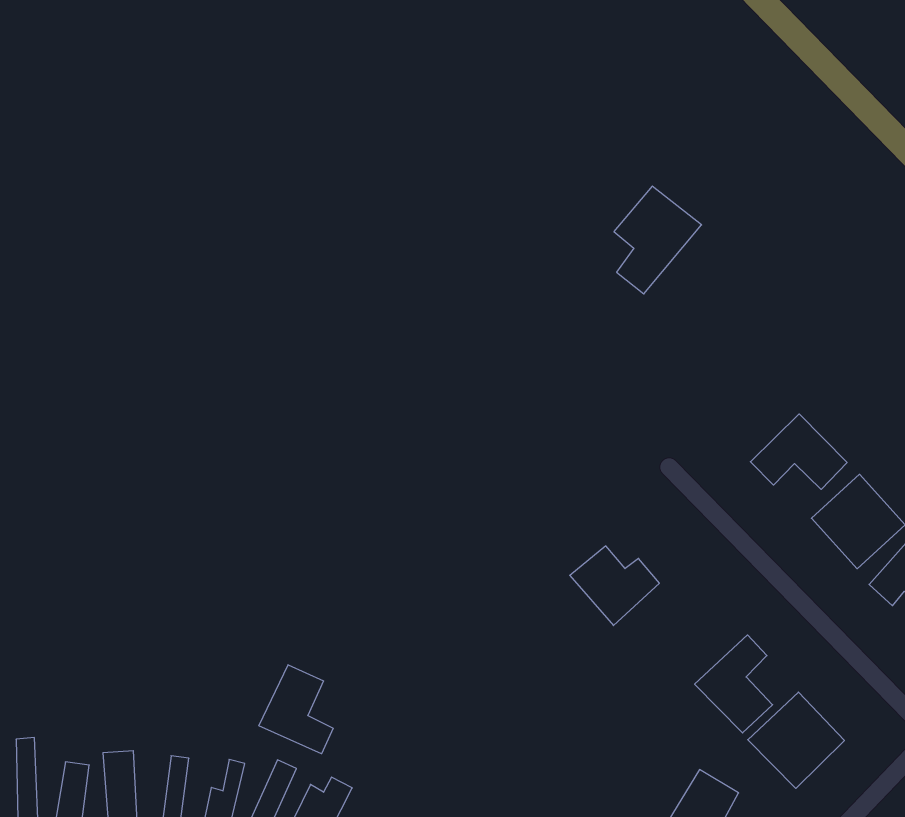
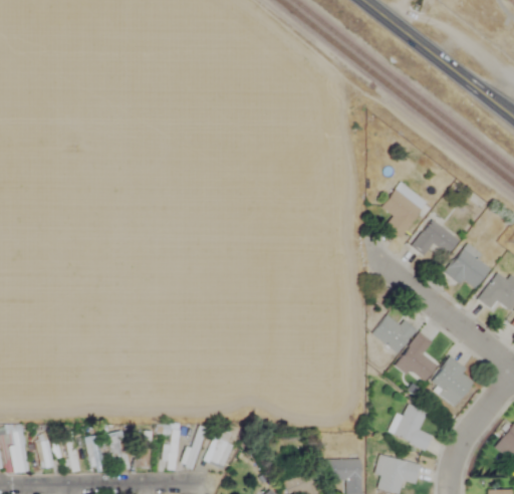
building: [614,186,702,294] -> [381,183,425,237]
building: [570,546,659,626] -> [371,315,417,354]
building: [259,665,333,754] -> none

